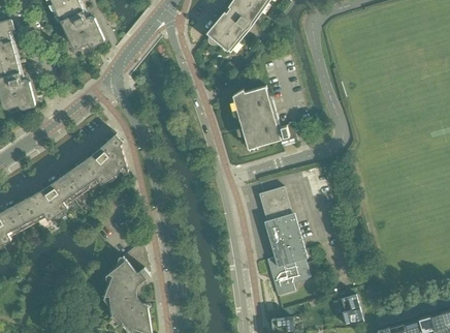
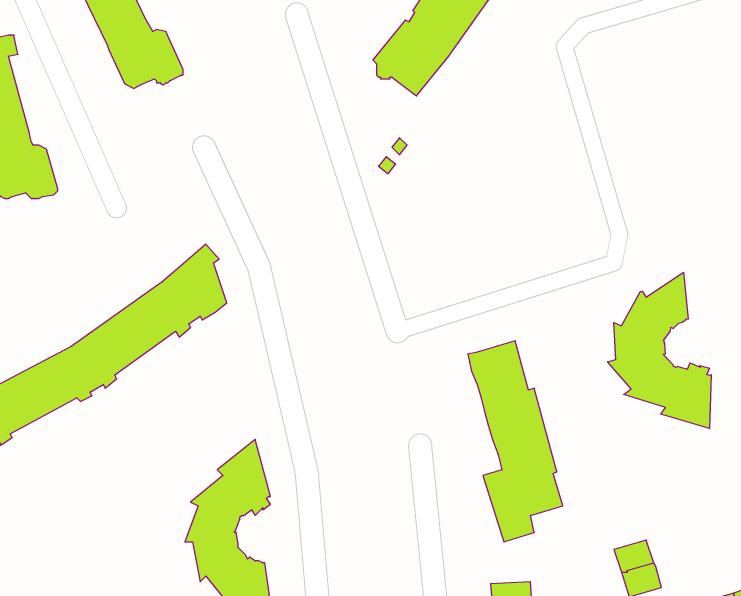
building: [232,86,297,148] -> none
building: none -> [608,272,711,429]

